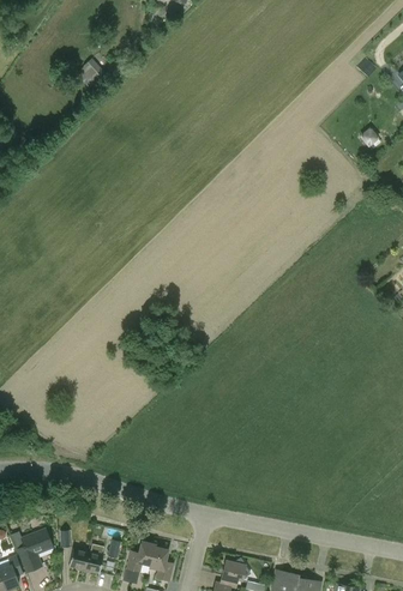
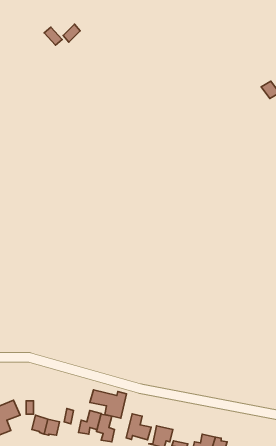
building: none -> [90,390,126,418]
building: none -> [126,414,151,440]

